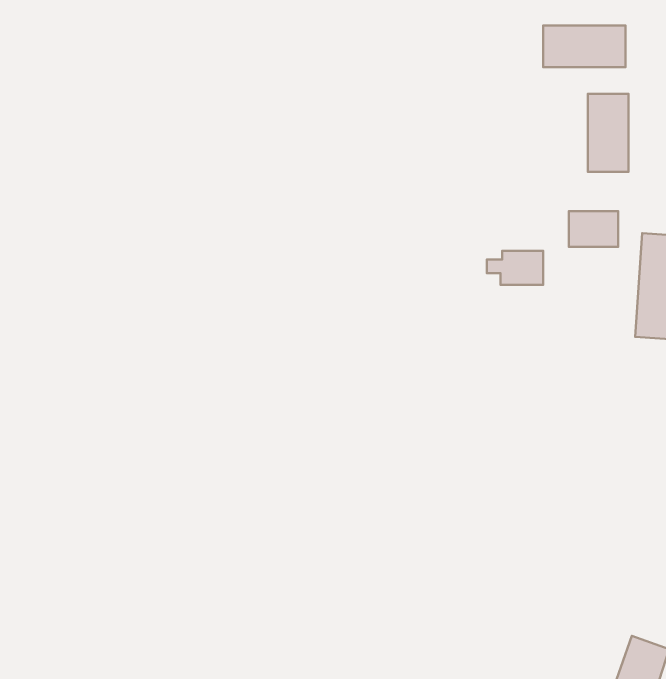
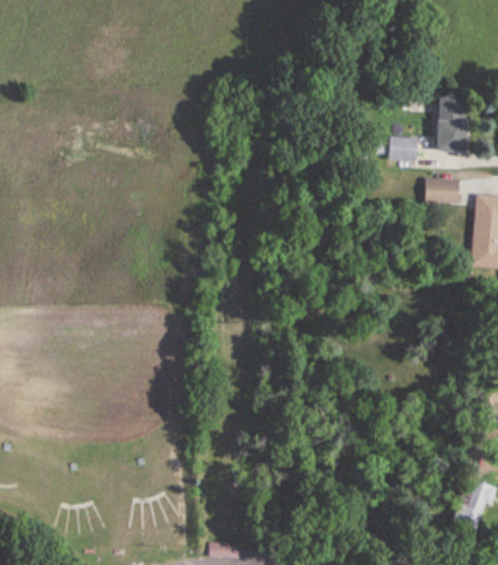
building: [543,26,626,67] -> none
building: [487,251,543,285] -> [377,135,417,159]

